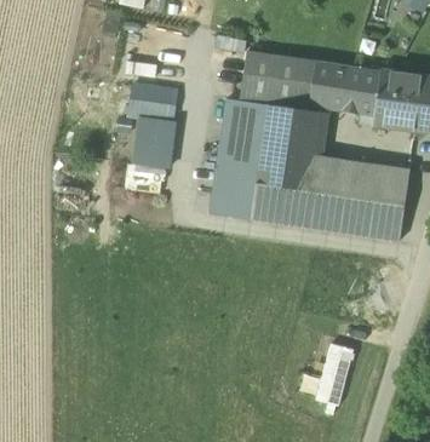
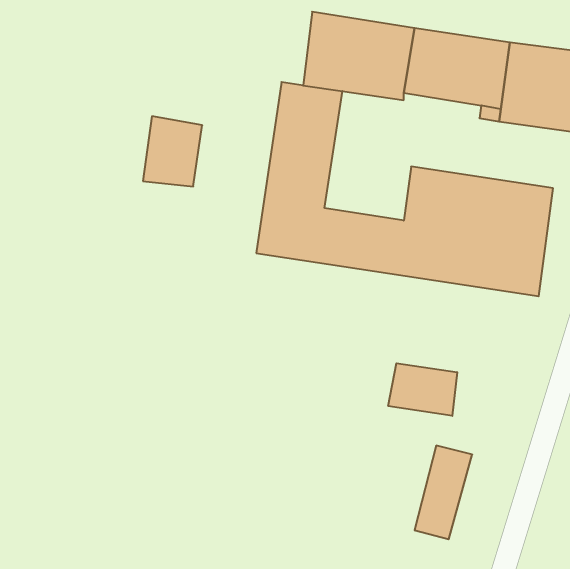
building: [128,85,176,120] -> none
building: [256,103,325,190] -> none
building: none -> [388,363,457,416]

